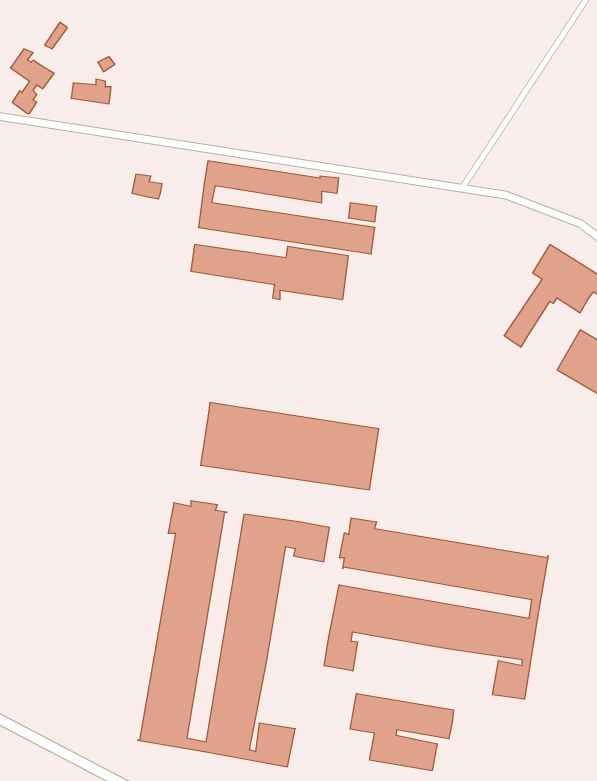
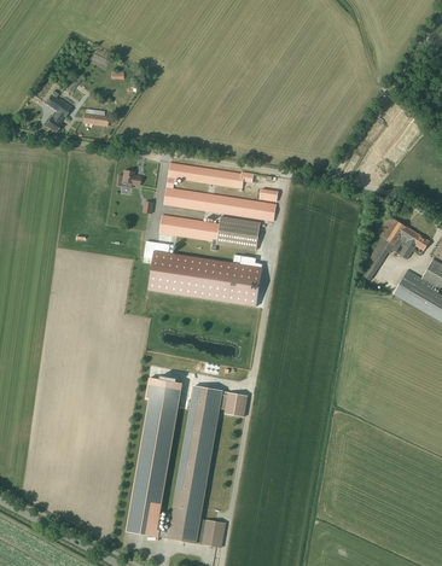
building: [200,402,379,490] -> [149,250,262,305]
building: [324,518,548,699] -> none
building: [350,693,454,771] -> none

